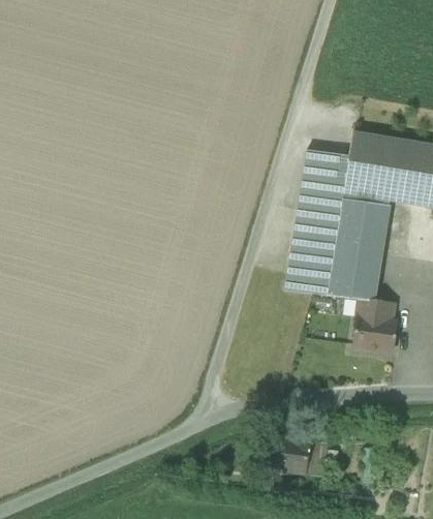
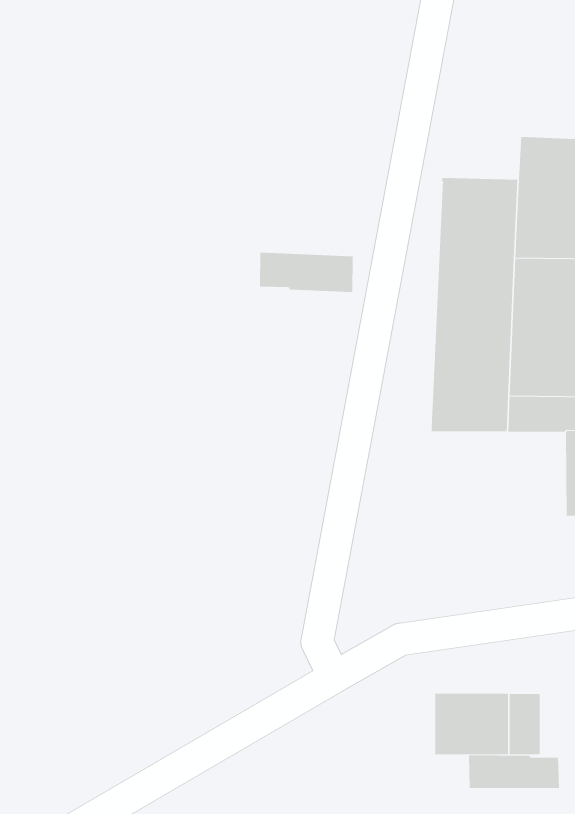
building: none -> [260,252,353,293]
building: none -> [468,755,560,789]

